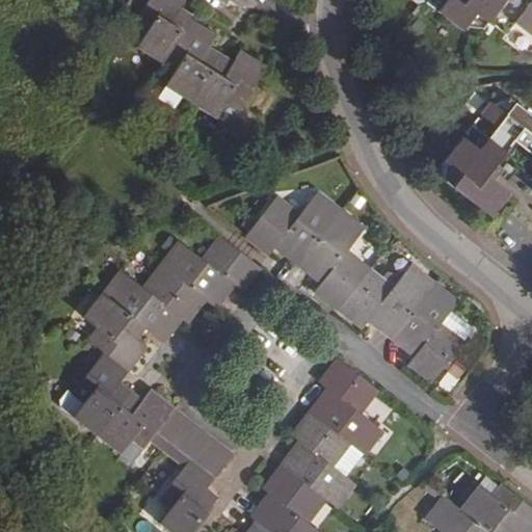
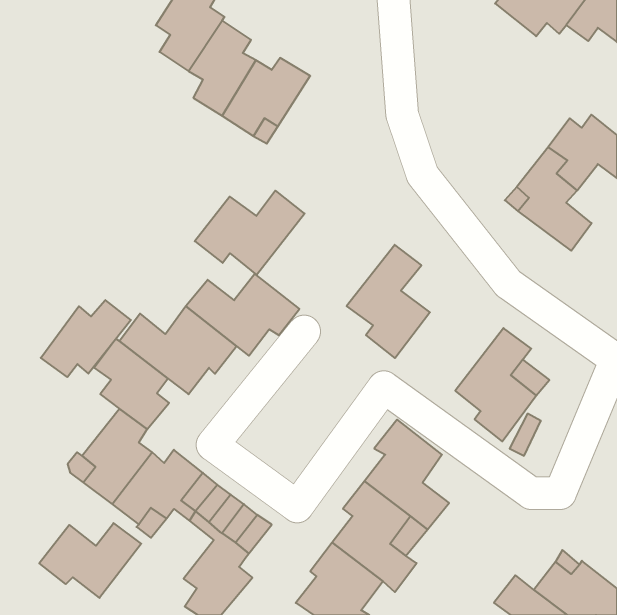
building: [245,191,340,264] -> [195,191,305,275]
building: none -> [41,300,131,377]
building: [340,264,433,337] -> none
building: none -> [39,523,141,598]

